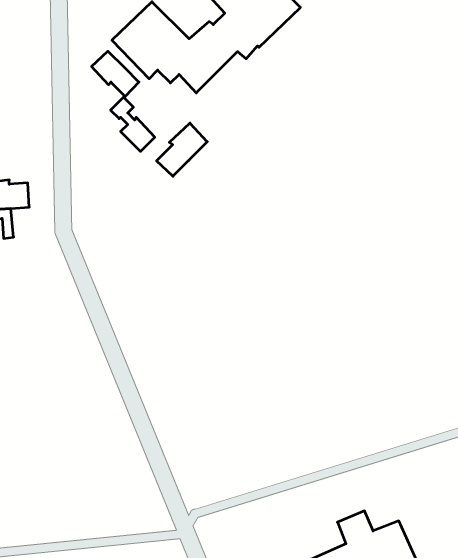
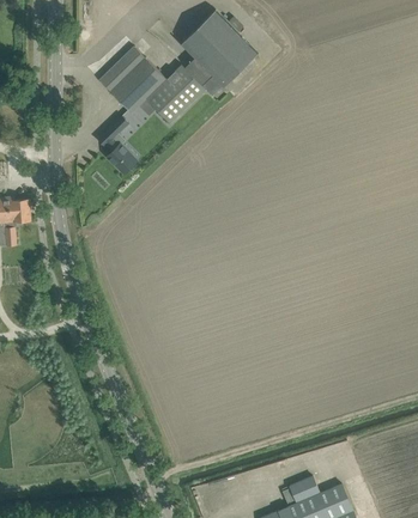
building: [92,51,139,96] -> none
building: [157,123,207,176] -> none

